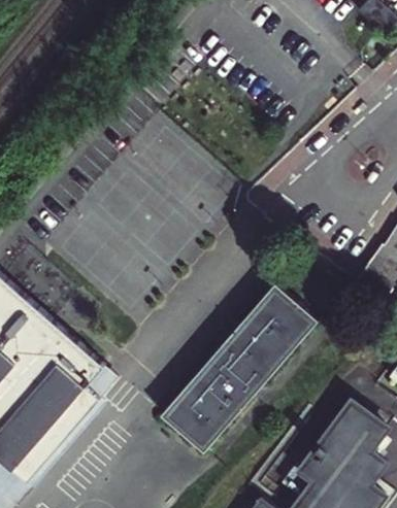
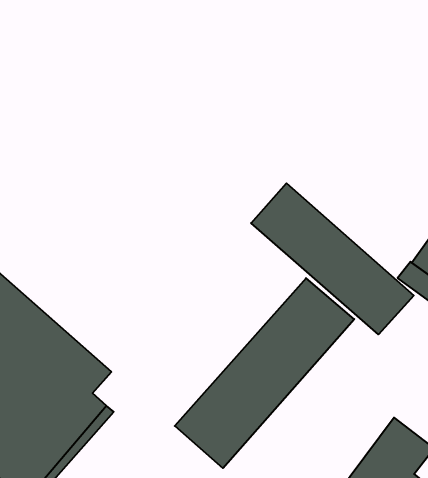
building: none -> [251,183,414,334]

